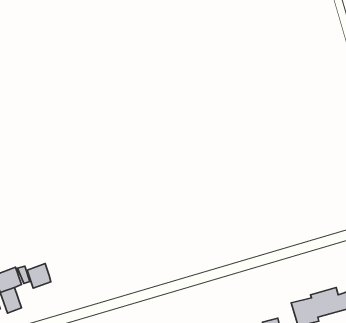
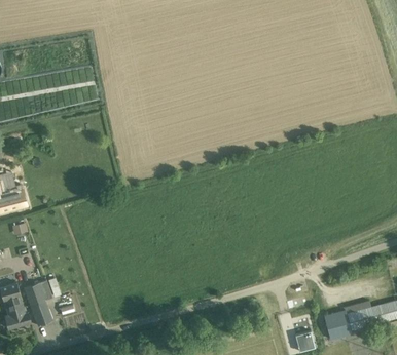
building: [27,264,51,288] -> none

